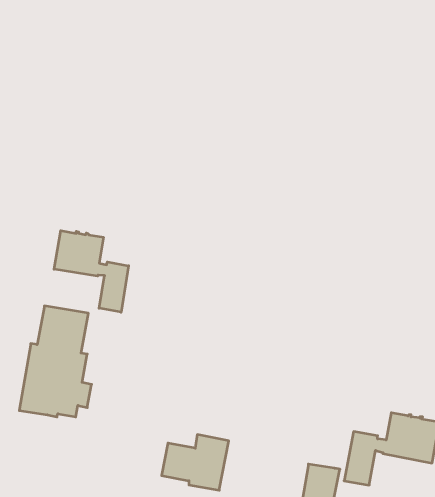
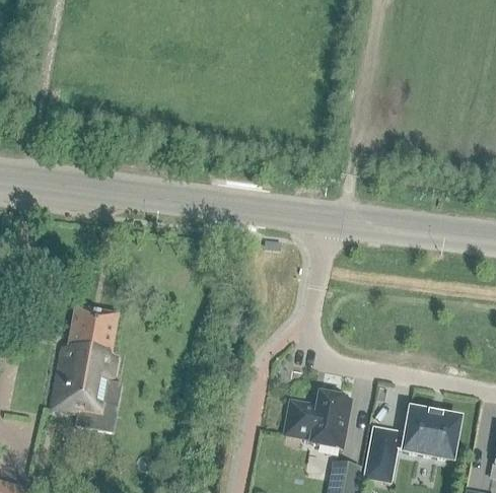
building: [54,231,129,312] -> none
building: [162,435,229,490] -> [285,393,350,446]

